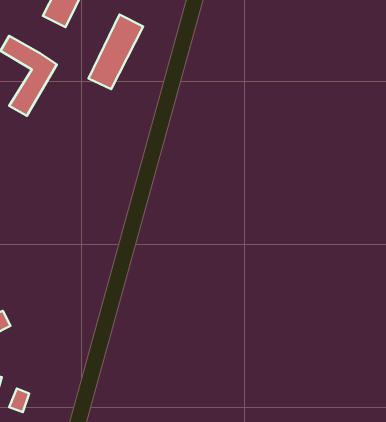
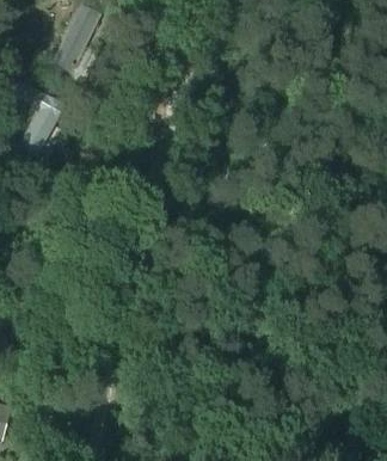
building: [88,15,143,89] -> none

